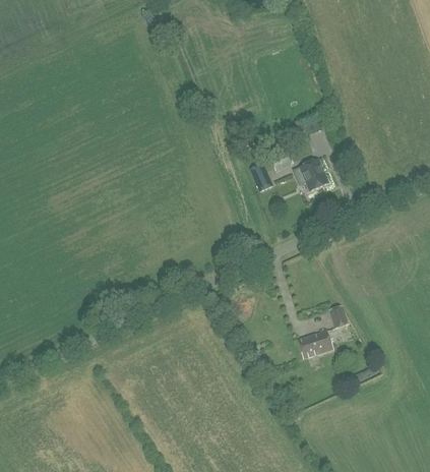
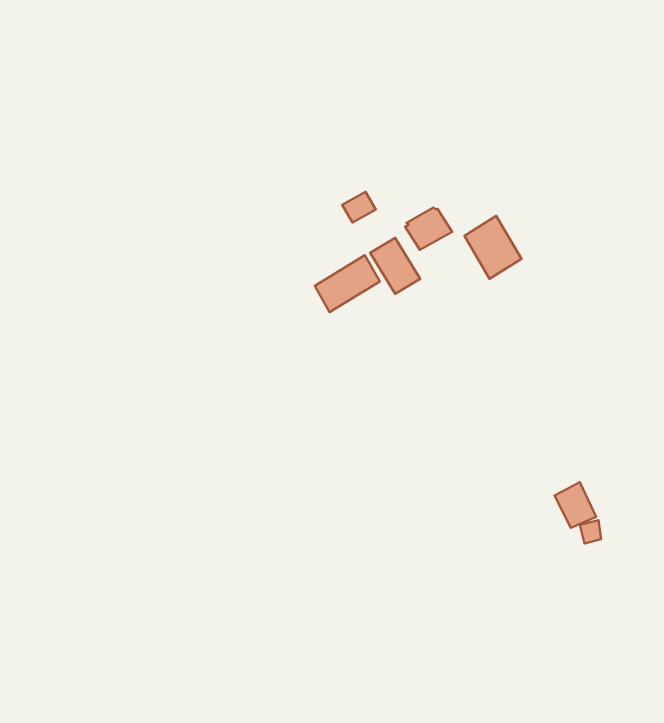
building: none -> [315,255,380,312]
building: [297,330,331,357] -> none

